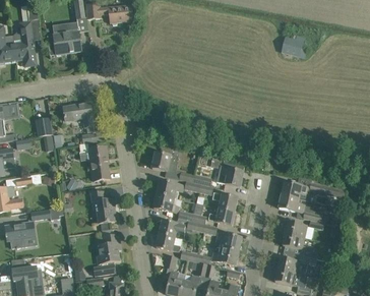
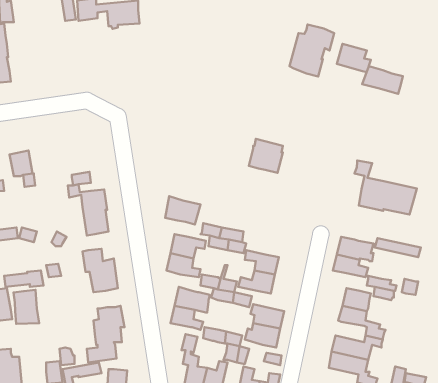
building: none -> [289,25,334,77]
building: [47,31,80,54] -> none
building: none -> [362,66,403,94]
building: [62,102,94,131] -> none
building: none -> [355,160,417,215]
building: [218,161,243,186] -> [249,139,283,173]
building: none -> [14,290,39,324]

